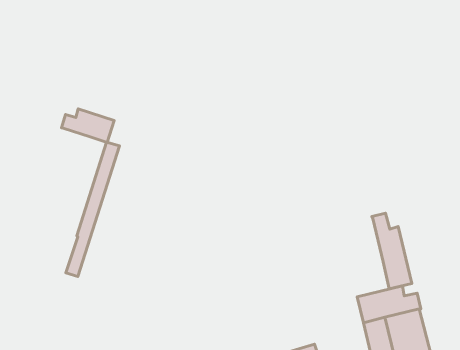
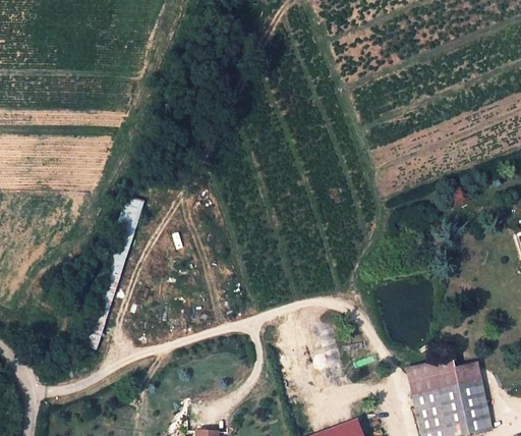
building: [62,109,114,142] -> none
building: [372,213,412,289] -> none

